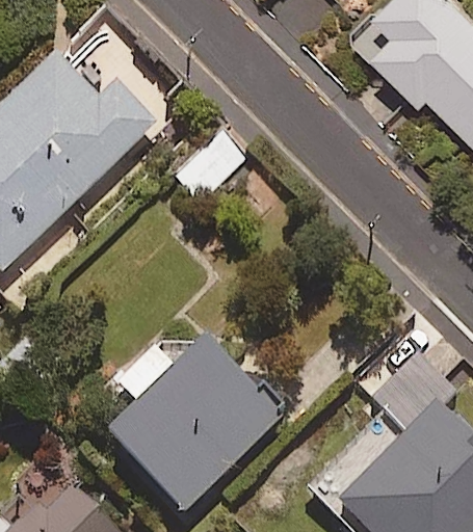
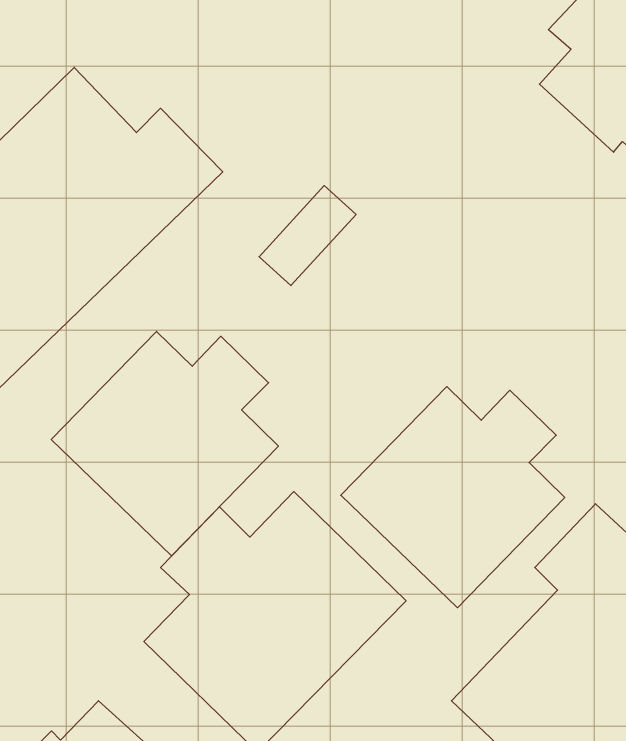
building: none -> [51,331,278,556]
building: none -> [341,387,565,608]

